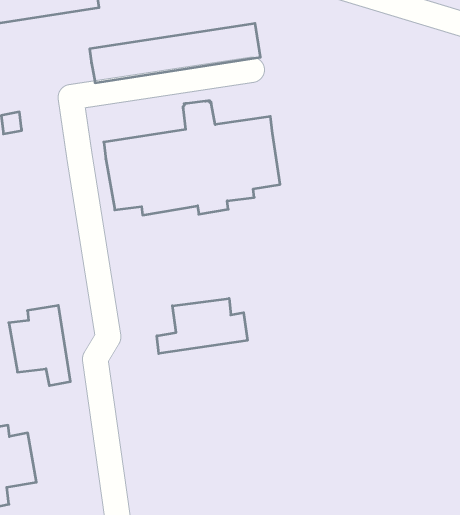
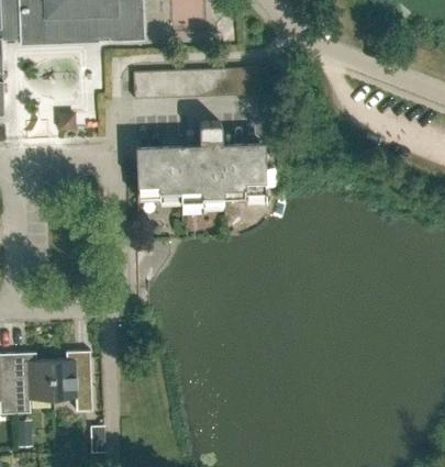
building: [157,298,247,354] -> none
building: [9,305,70,386] -> [49,352,91,412]

